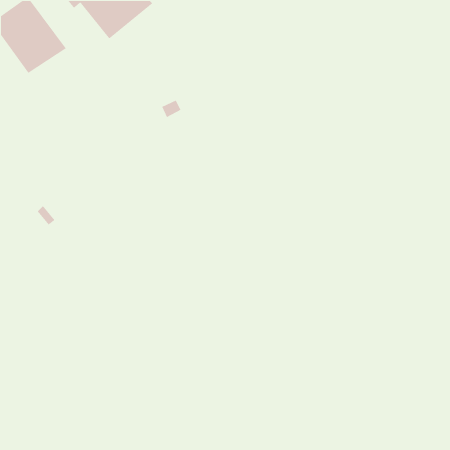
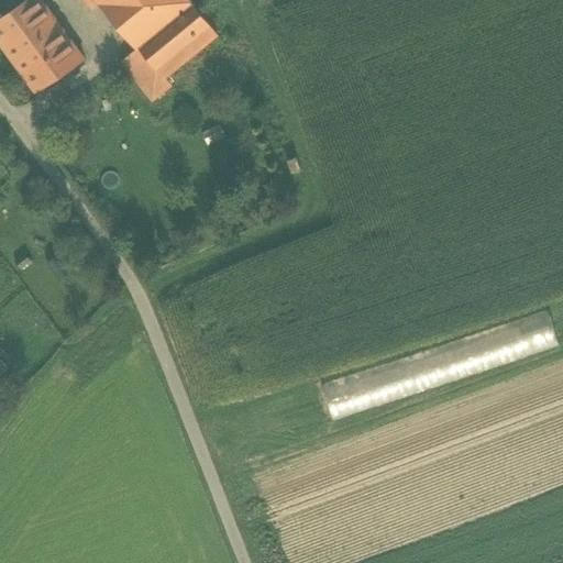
building: none -> [122,4,217,99]

